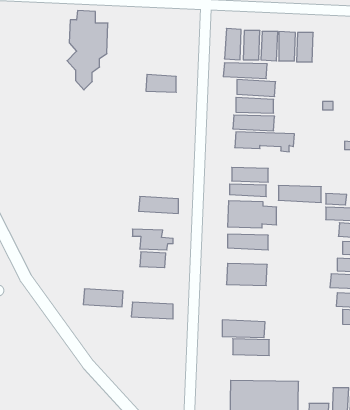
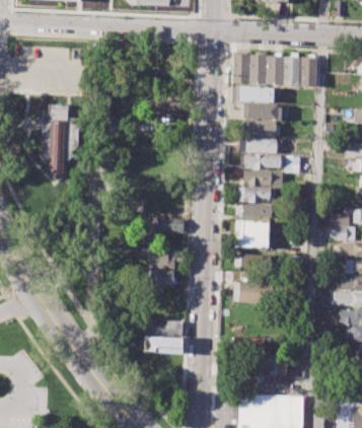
building: [67,11,108,90] -> [40,104,79,182]
building: [278,186,321,202] -> [242,170,284,187]
building: [83,289,123,307] -> [143,337,182,354]

